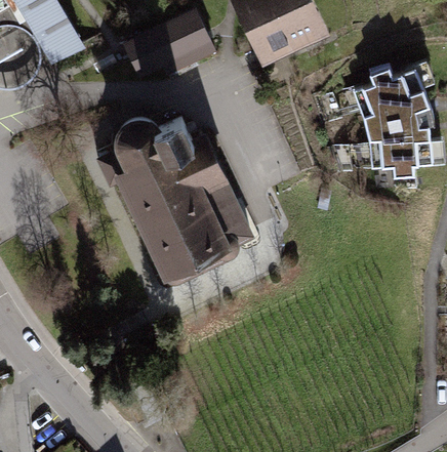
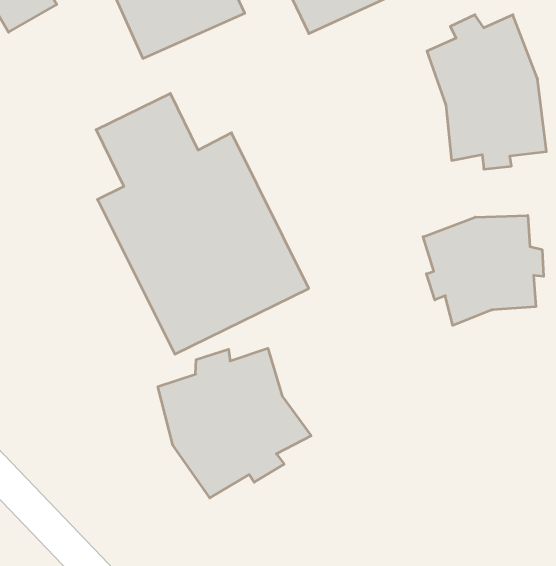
building: none -> [423,215,544,325]
building: none -> [158,348,311,498]

